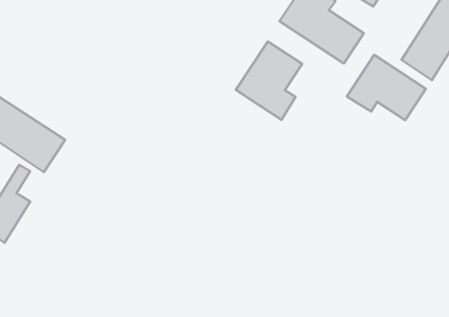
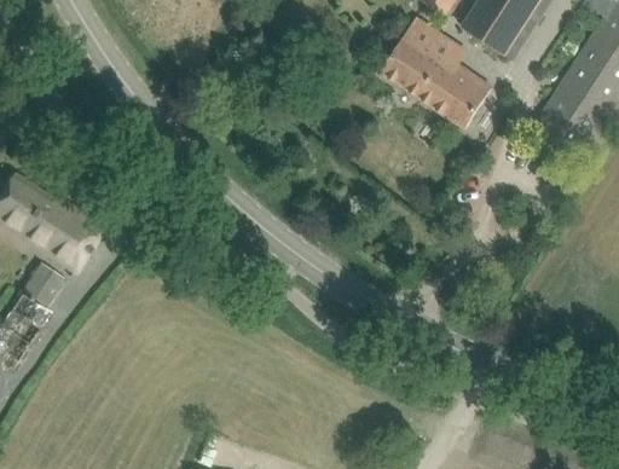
building: [236,41,302,120] -> none
building: [347,55,426,120] -> none

